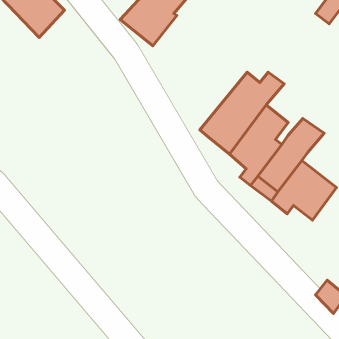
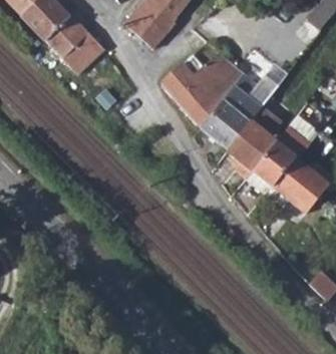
building: none -> [46,14,103,71]
building: none -> [160,52,245,128]

